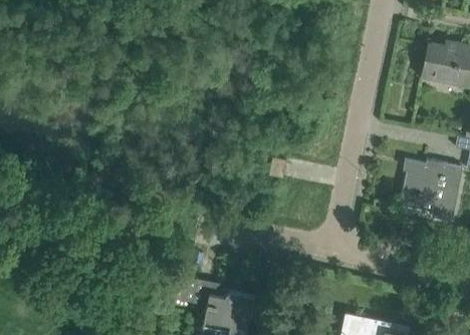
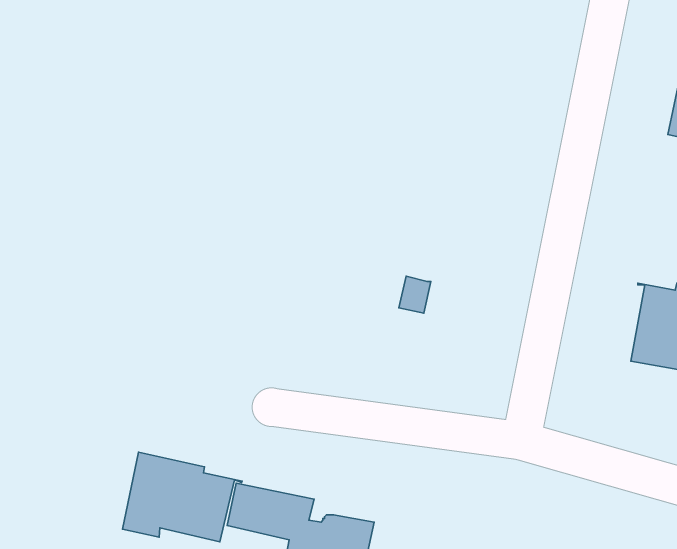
building: none -> [122,452,242,542]

